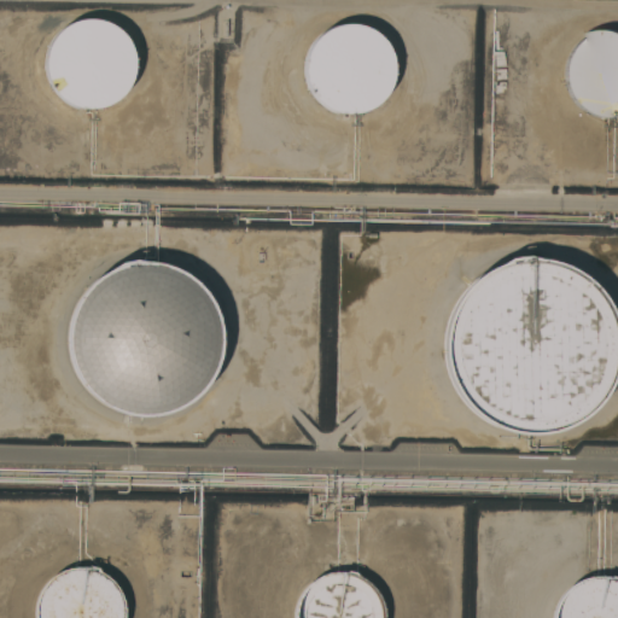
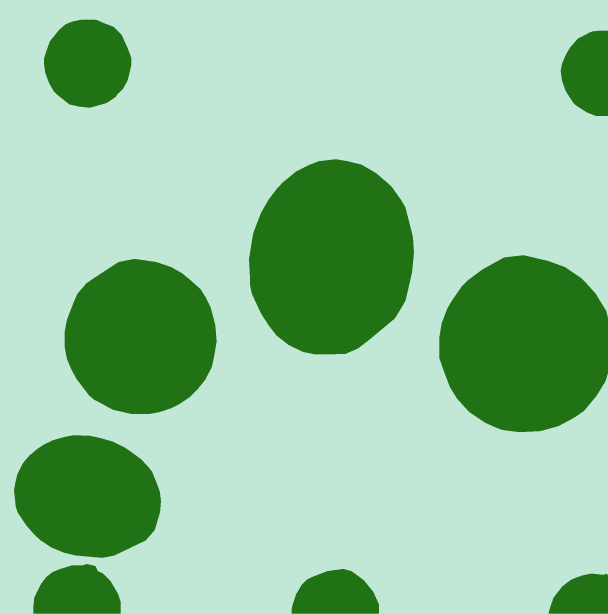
building: [309,24,397,113] -> none
building: none -> [248,158,414,355]
building: none -> [13,435,162,558]

